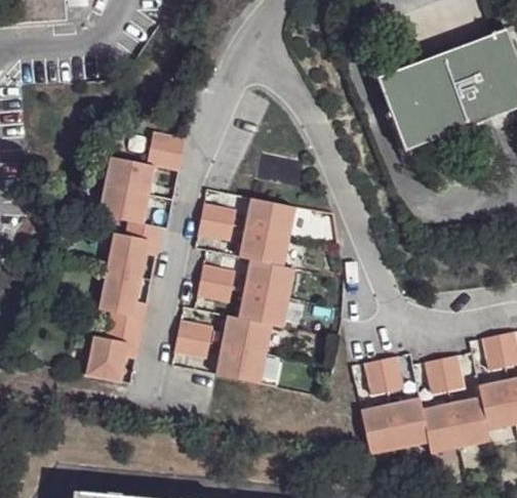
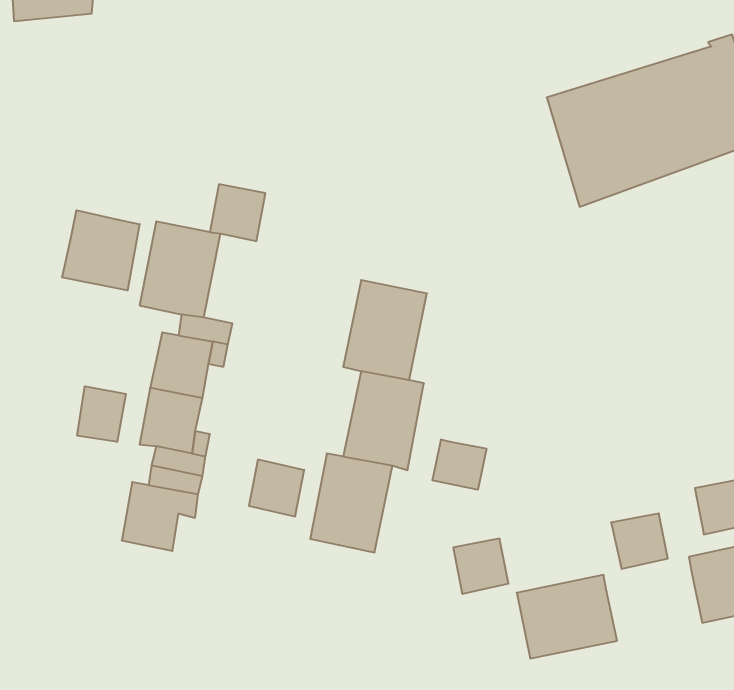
building: none -> [62,210,140,290]
building: [198,202,235,241] -> none
building: [196,263,235,302] -> none
building: none -> [77,386,126,442]
building: none -> [432,439,486,490]
building: [363,358,401,396] -> [453,539,509,594]
building: [420,398,487,454] -> none

